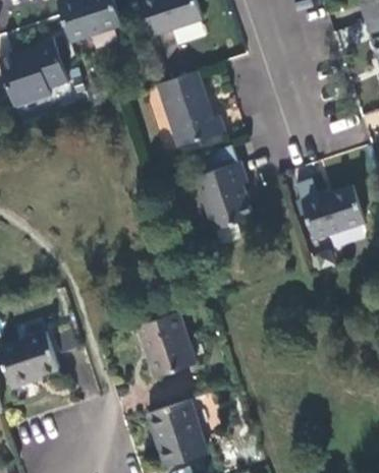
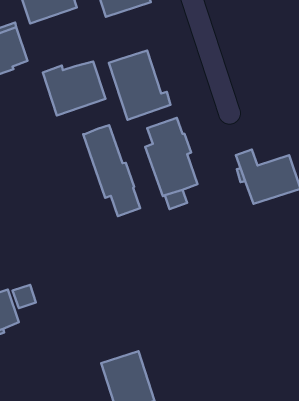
building: none -> [43,62,105,115]
building: none -> [83,125,140,216]
building: [137,311,195,378] -> none

